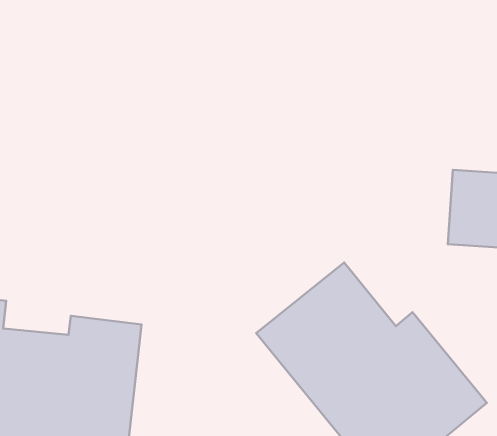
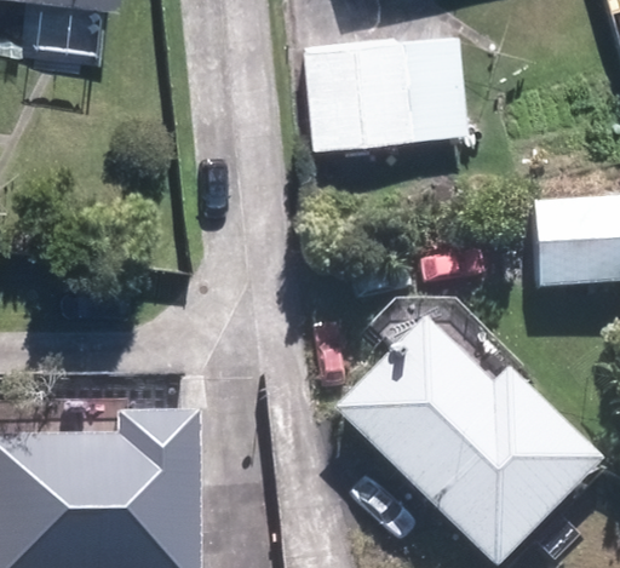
building: none -> [297,25,466,144]

